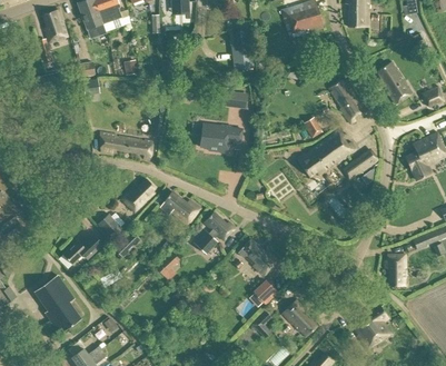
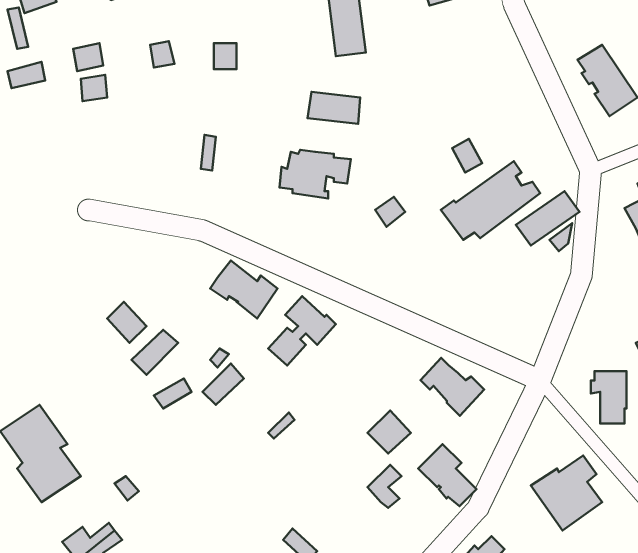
building: [328,80,366,123] -> none
building: [100,131,152,158] -> none
building: [121,178,155,211] -> none
building: [63,234,102,263] -> none
building: [238,238,276,273] -> [420,358,484,416]

